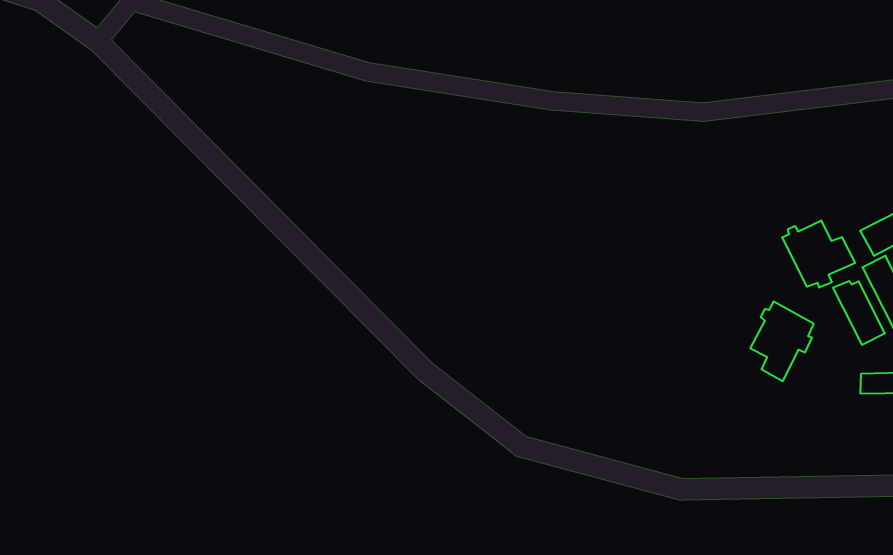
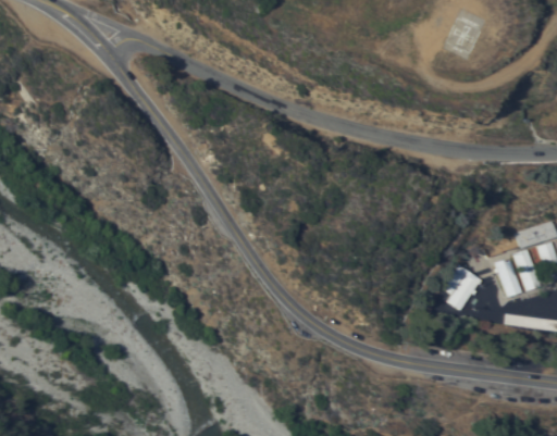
building: [782,220,855,288] -> none

